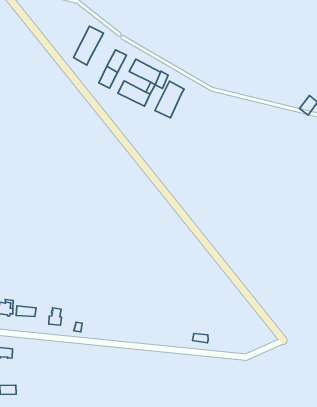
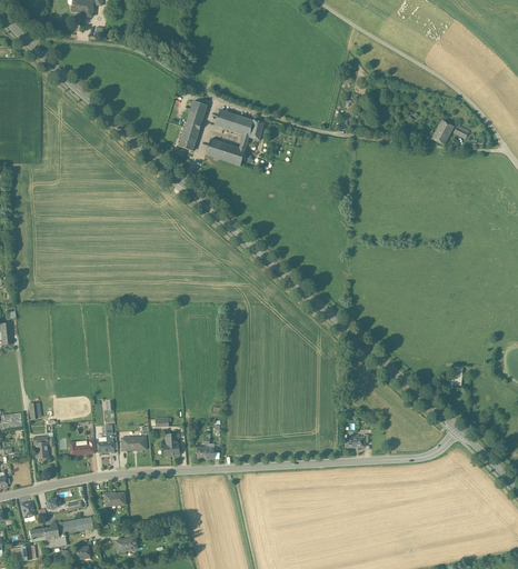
building: [74,26,103,65] -> none
building: [155,81,184,118] -> none

